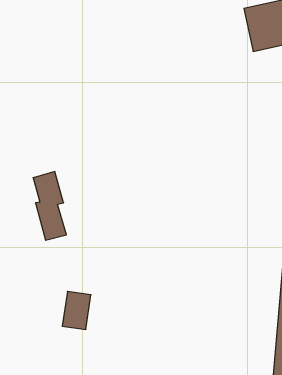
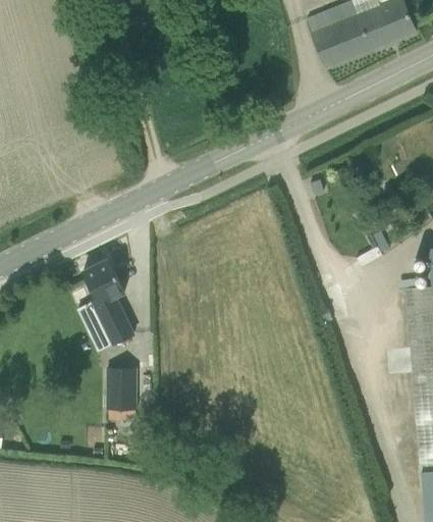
building: none -> [75,302,111,353]
building: [62,291,91,329] -> [105,367,136,412]

